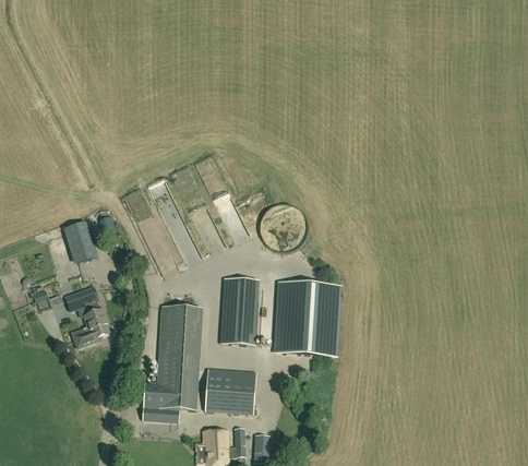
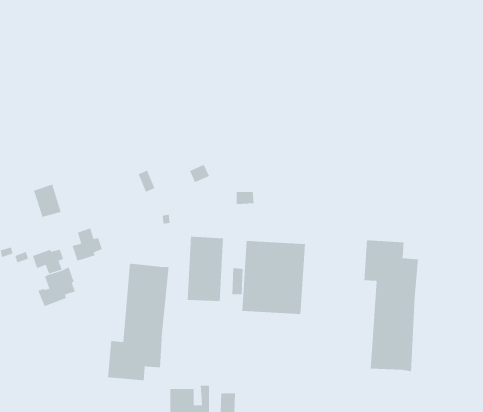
building: none -> [72,227,102,261]
building: none -> [364,239,419,372]
building: [205,368,255,413] -> none

